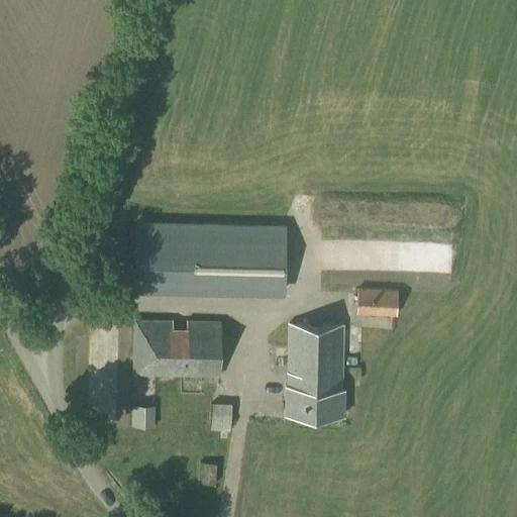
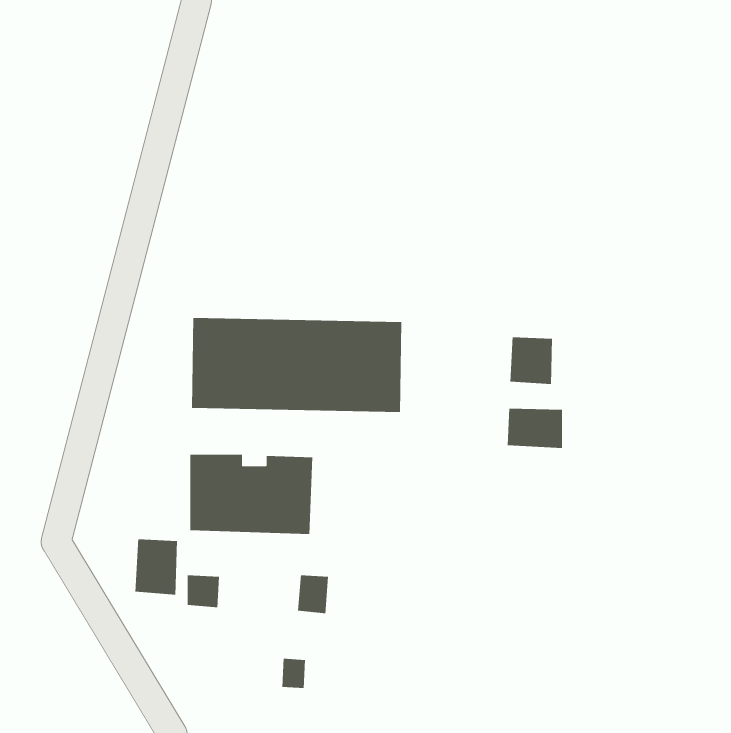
building: none -> [510,337,553,385]
building: [287,324,346,415] -> none
building: none -> [135,539,178,595]

